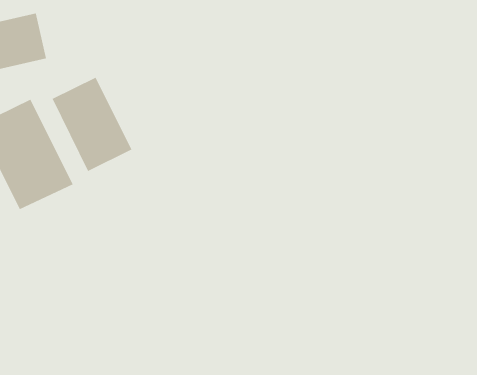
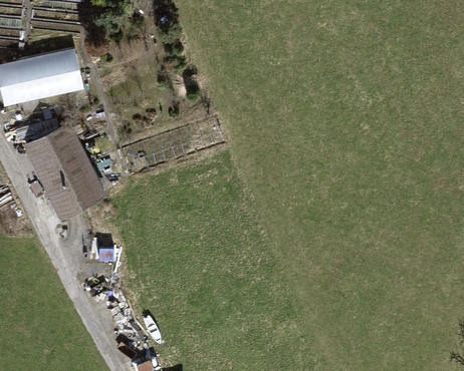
building: [52,77,132,172] -> none

